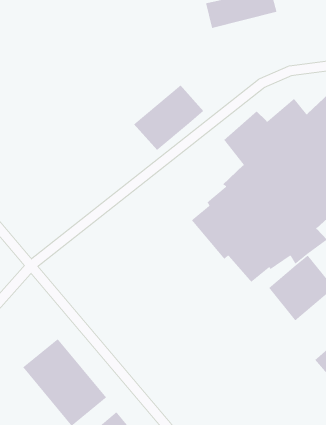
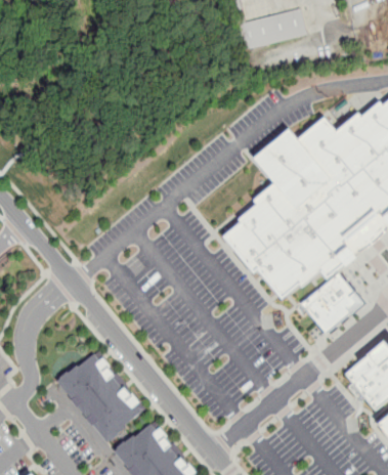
building: [133,84,204,151] -> none

